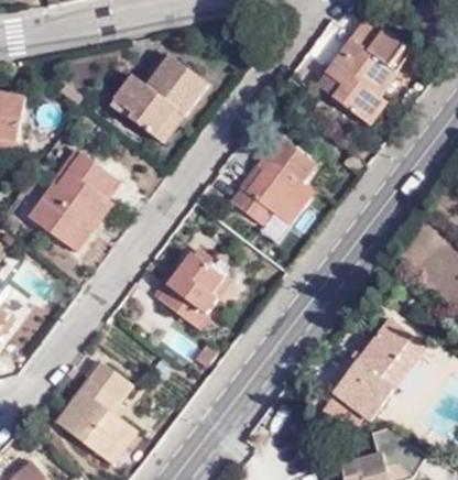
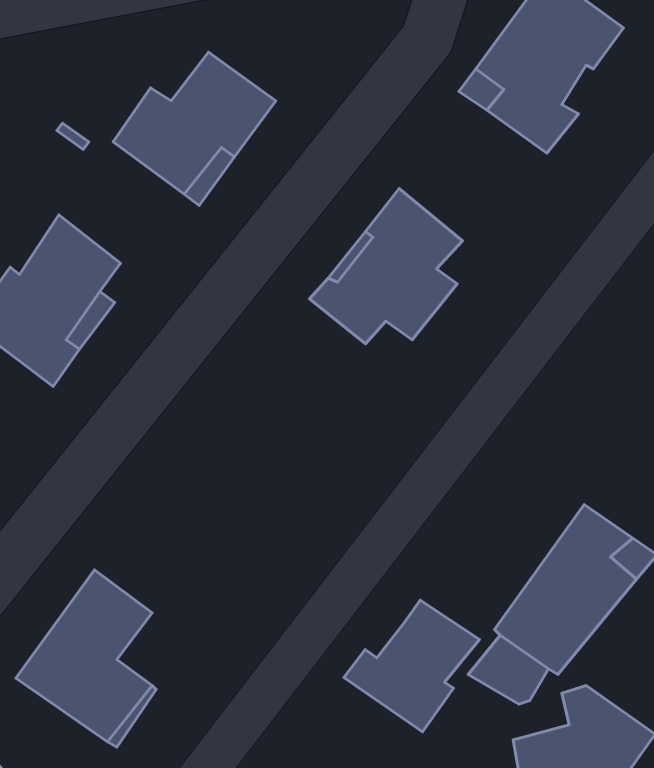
building: [154,251,223,327] -> none
building: none -> [344,600,479,732]

